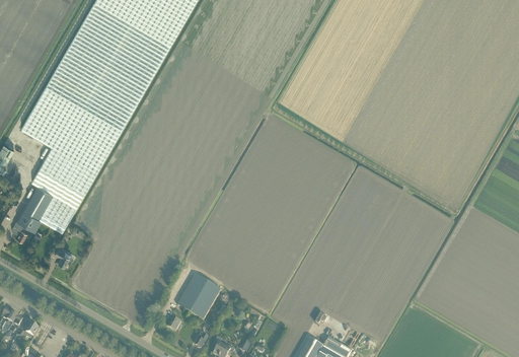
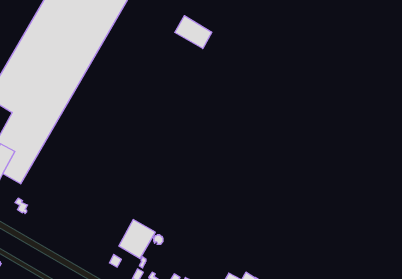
building: none -> [175,16,212,49]

